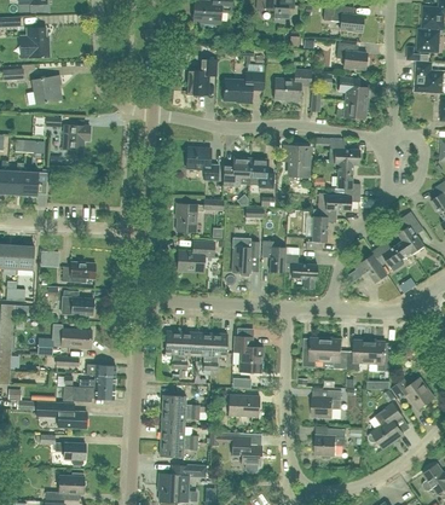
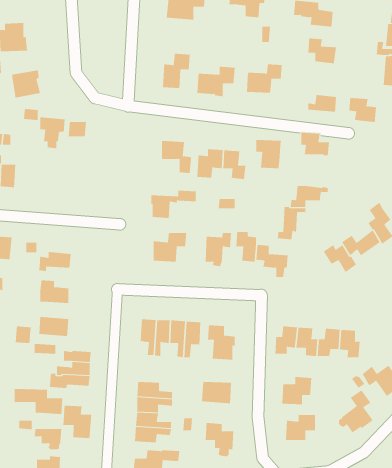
building: [339,77,368,103] -> [348,98,377,122]
building: [328,162,359,196] -> none
building: none -> [63,405,92,439]

